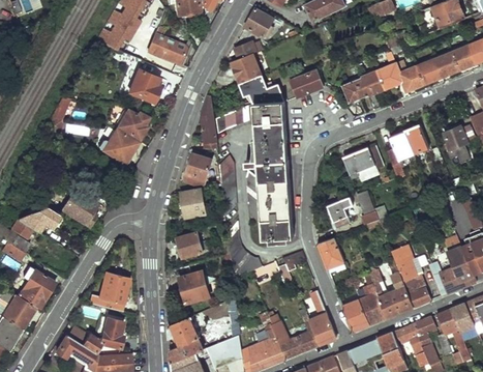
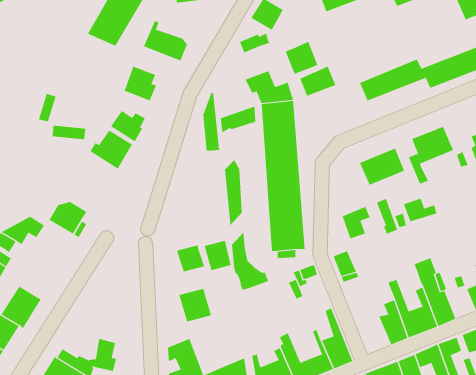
building: [231,53,261,83] -> [285,41,318,74]
building: [183,154,209,184] -> none
building: [179,189,204,217] -> [204,240,231,271]
building: none -> [403,198,437,222]
building: [88,274,127,309] -> none
building: [342,298,371,332] -> none

